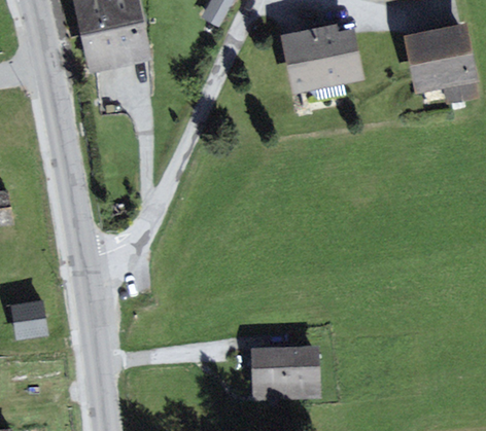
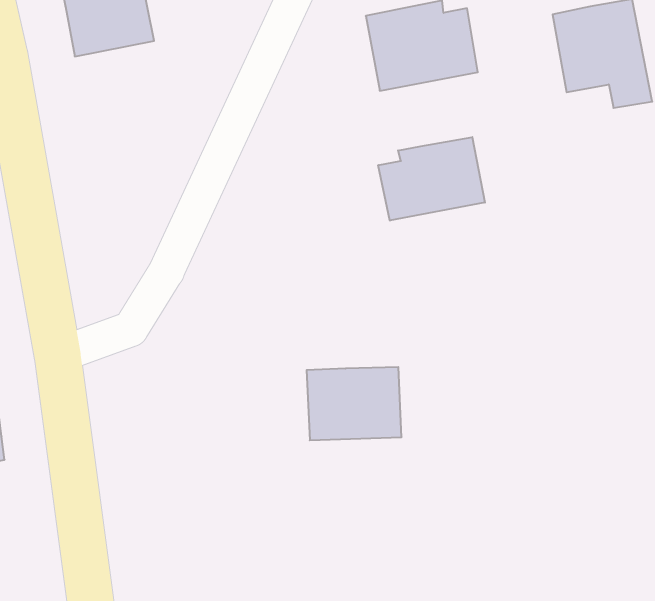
building: none -> [378,137,485,221]
building: [252,347,315,395] -> [307,367,402,440]

